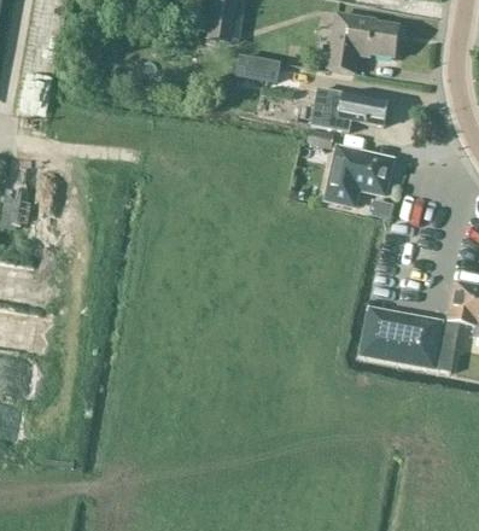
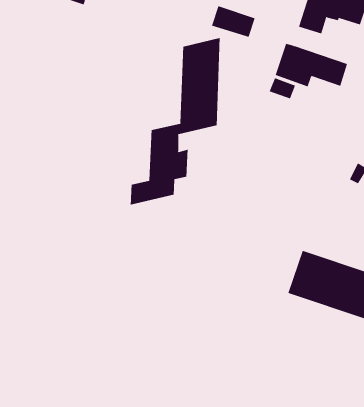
building: none -> [130,37,220,205]
building: [327,147,392,204] -> none

